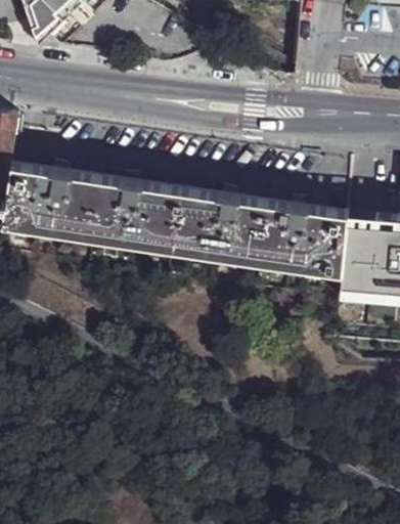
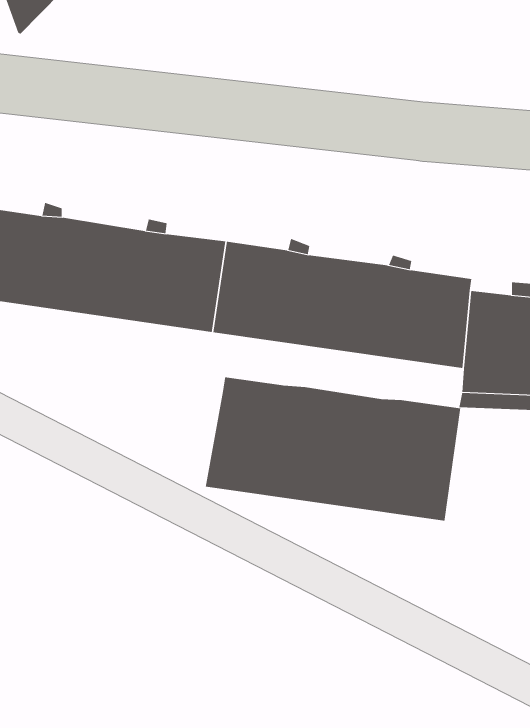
building: none -> [205,377,461,522]

